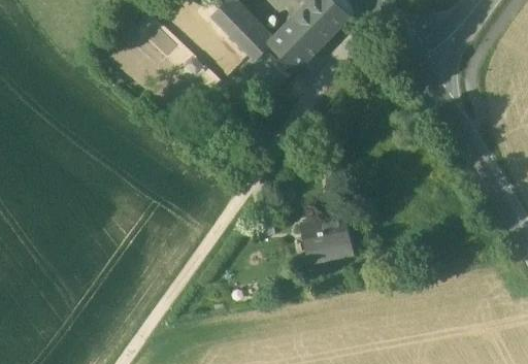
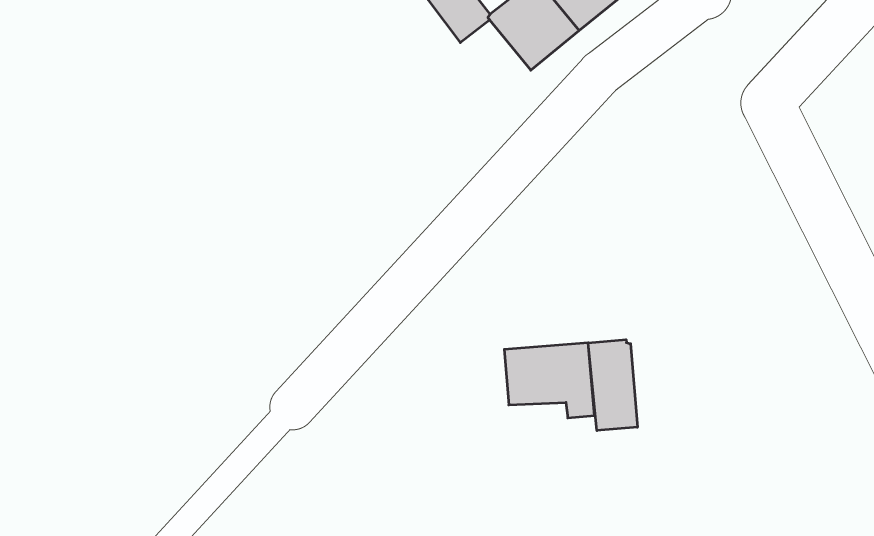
building: none -> [588,340,637,431]

